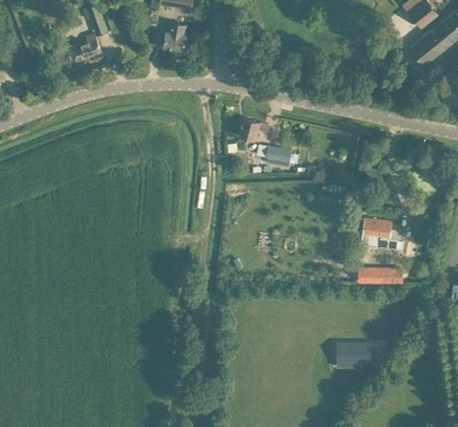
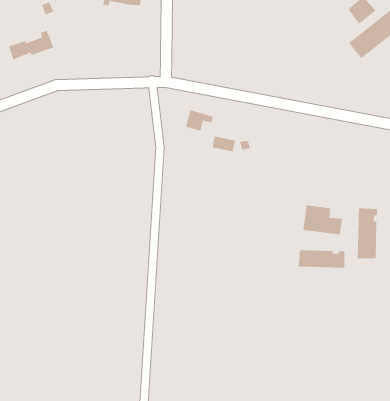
building: [163,22,187,51] -> none
building: none -> [357,208,377,259]
building: [337,343,371,365] -> none

